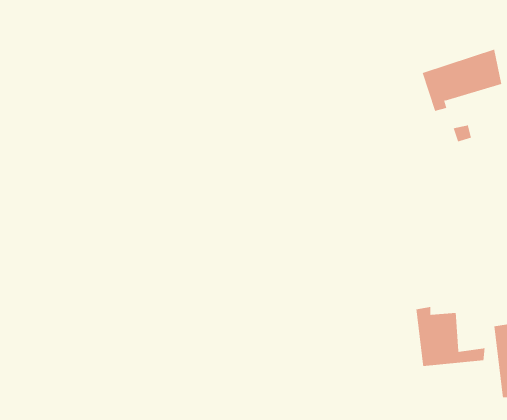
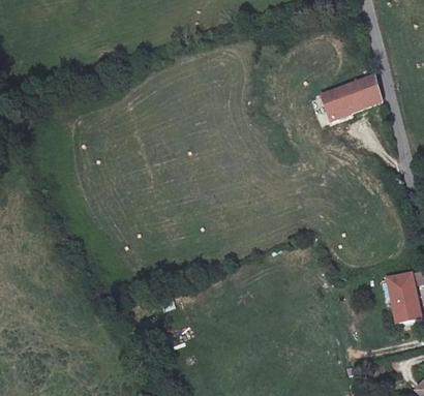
building: [416,306,485,367] -> none

